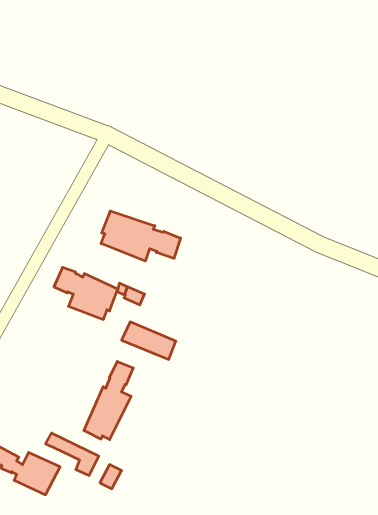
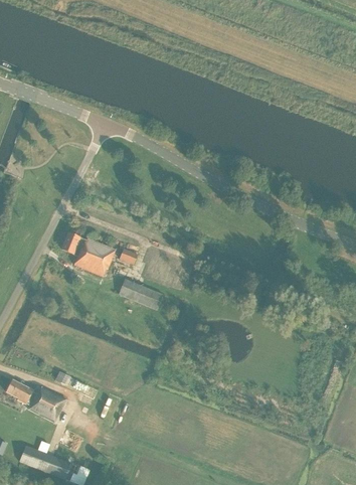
building: [101,211,181,261] -> none
building: [84,361,133,440] -> none

